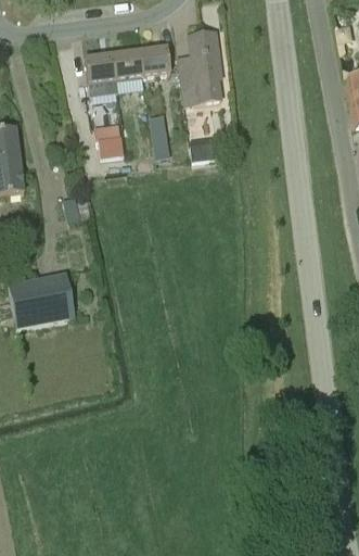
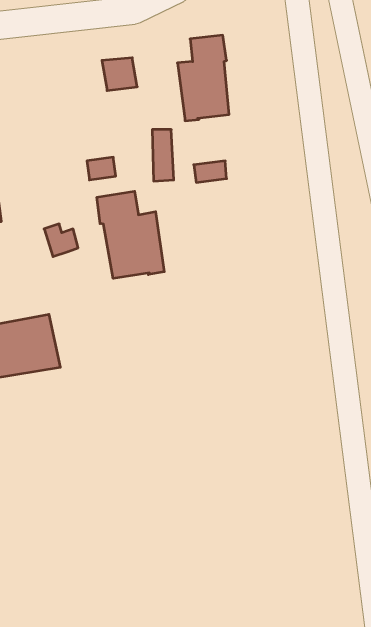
building: [136,46,169,75] -> none
building: [82,52,118,109] -> none
building: none -> [97,191,164,278]

